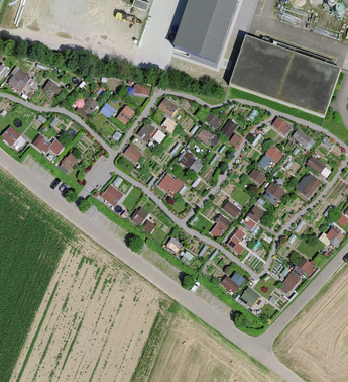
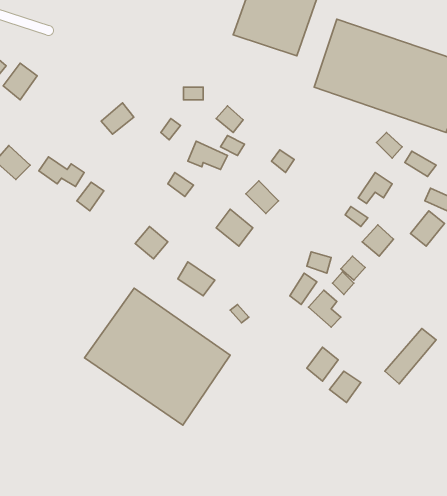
building: none -> [85,288,230,425]

